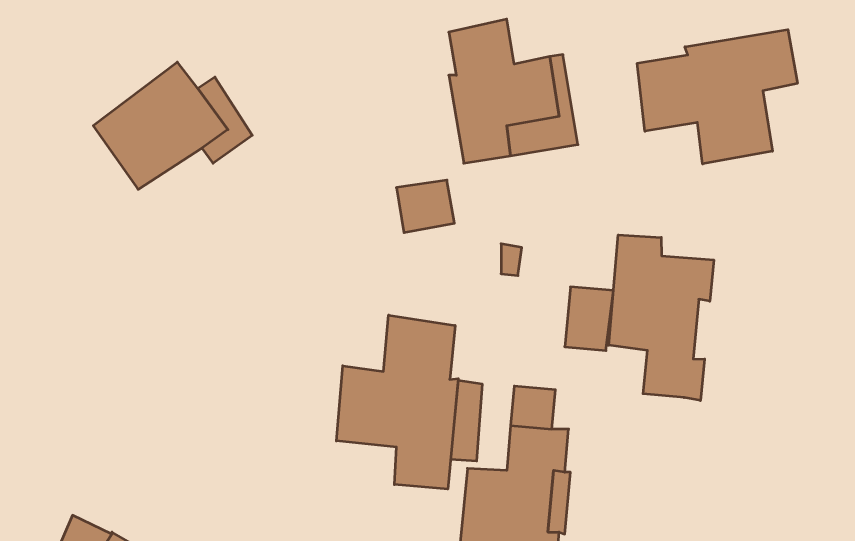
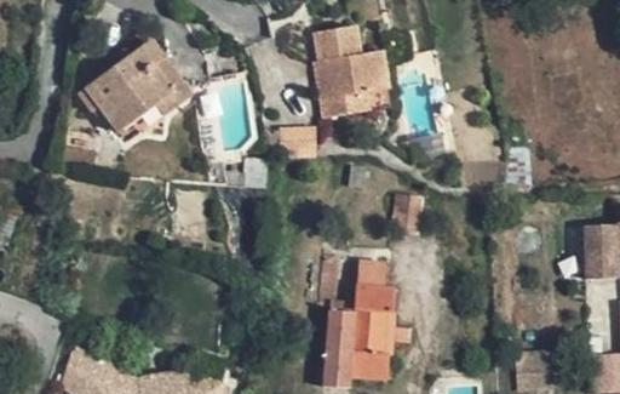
building: [637,30,797,164] -> none
building: [609,235,714,401] -> none
building: [336,315,458,489] -> none

